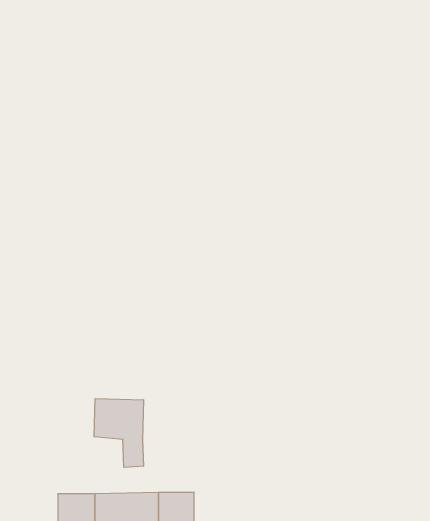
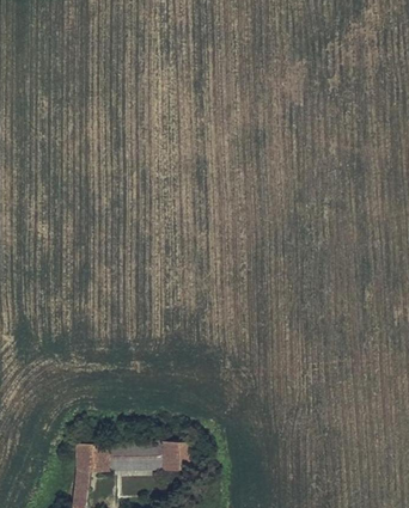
building: [94,399,144,467] -> none

